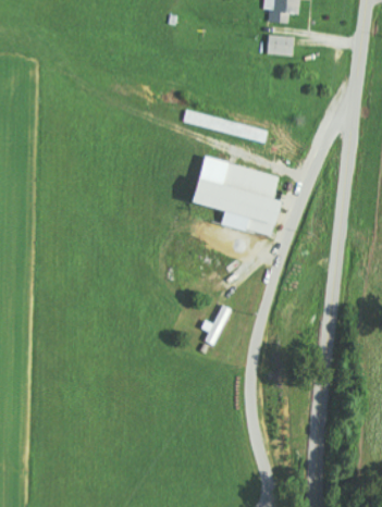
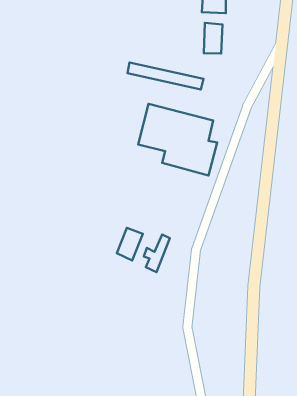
building: none -> [204,23,222,53]
building: none -> [117,228,143,260]

